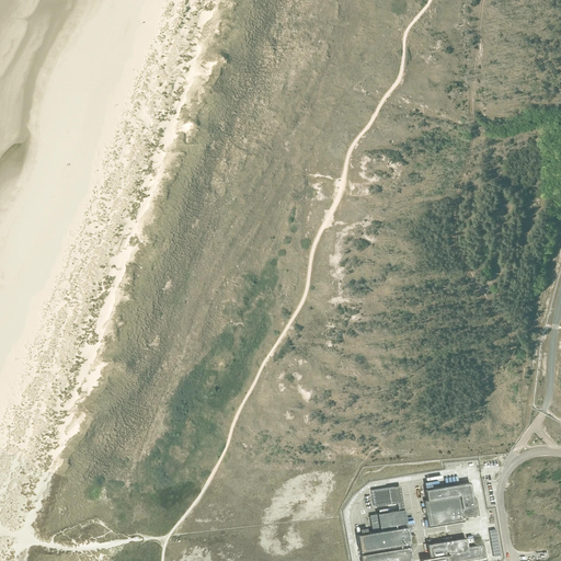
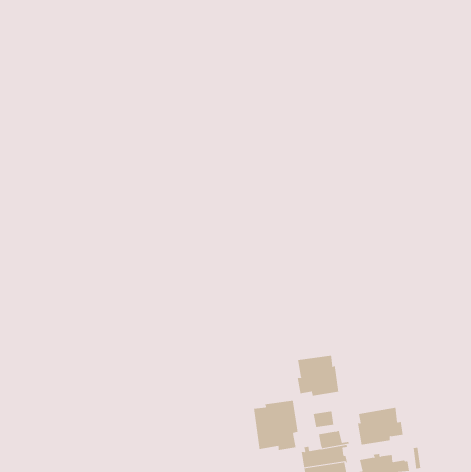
building: none -> [297,355,339,396]
building: none -> [253,400,298,451]

